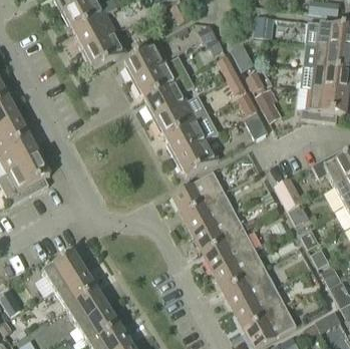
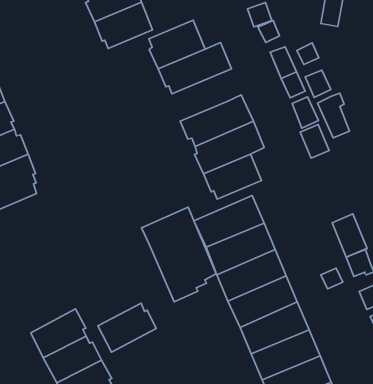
building: [144,76,193,119] -> none
building: none -> [142,207,216,302]
building: [42,250,86,289] -> [98,303,156,352]

